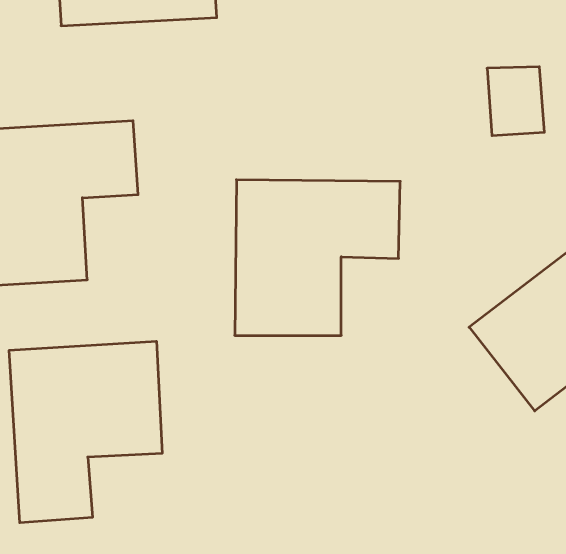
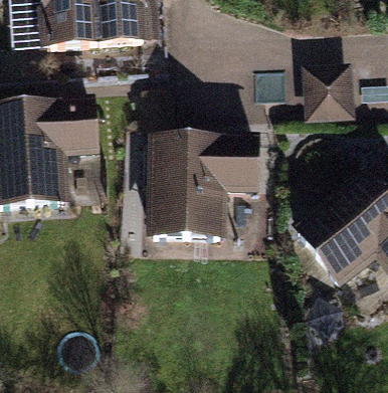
building: [9,341,162,523] -> none

